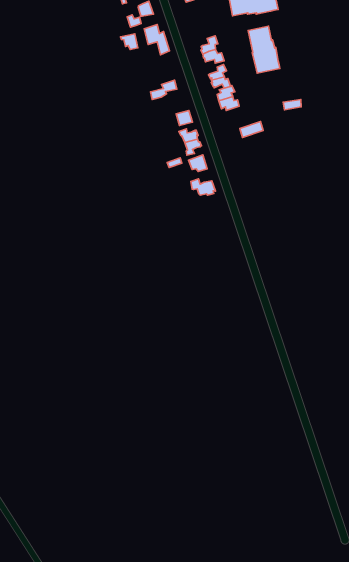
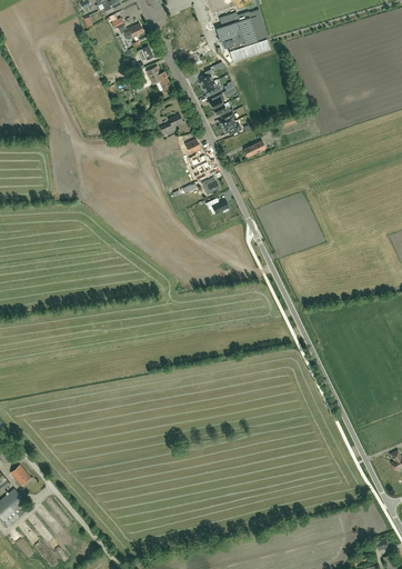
building: [248,26,280,73] -> none

